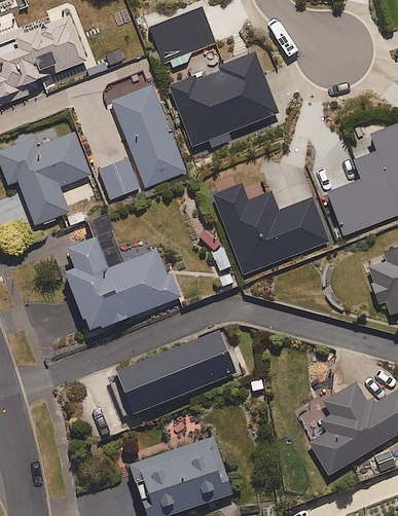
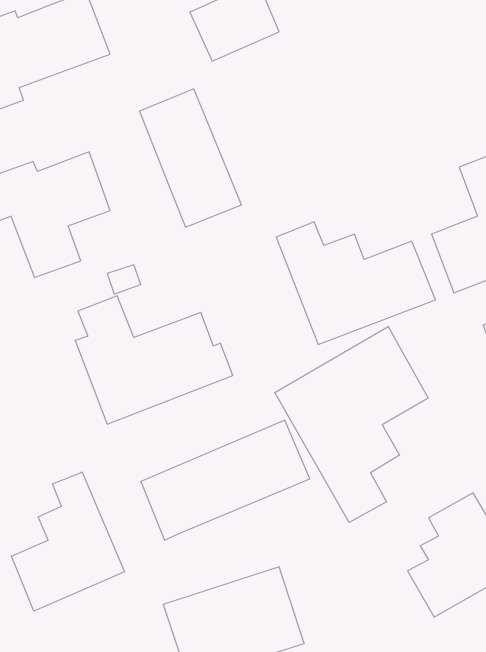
building: [170,51,279,146] -> none
building: [100,157,142,200] -> none
building: none -> [275,326,428,522]
building: none -> [11,472,124,611]

